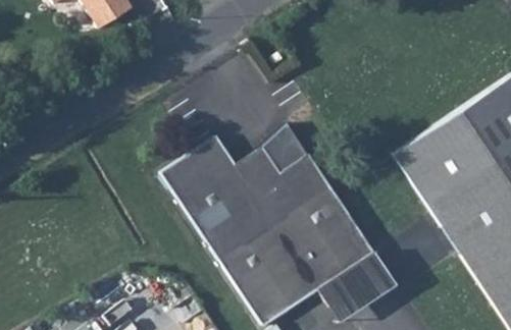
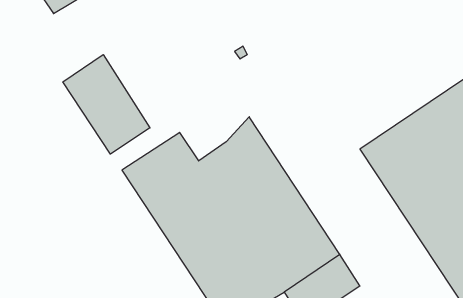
building: none -> [63,55,150,154]

